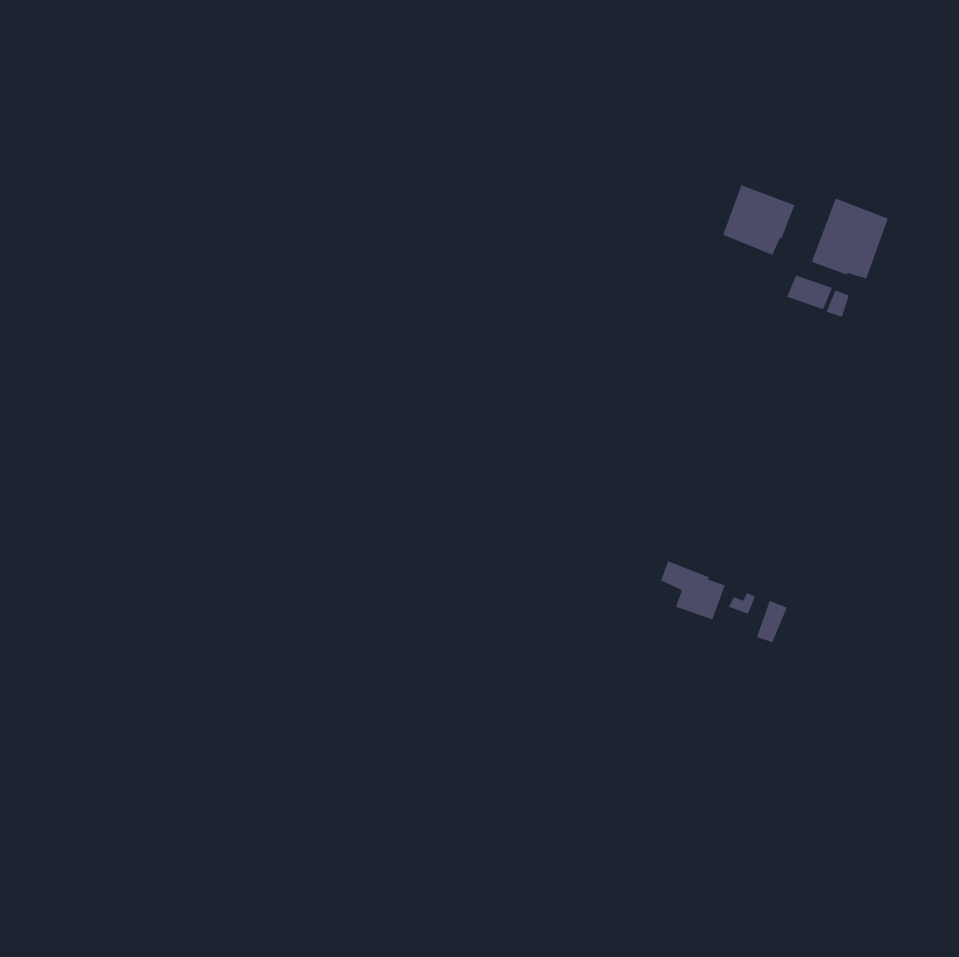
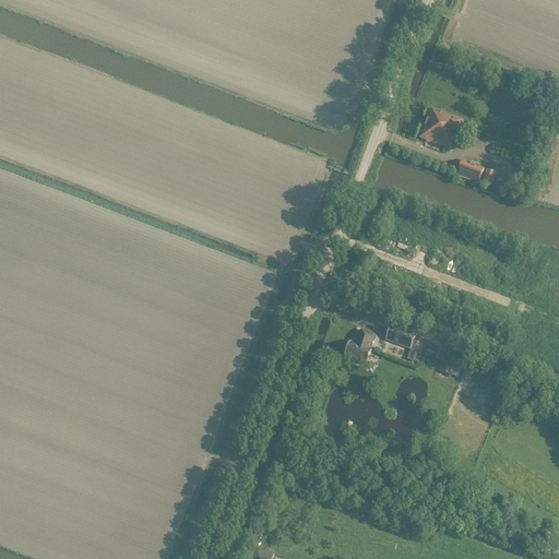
building: [811,197,889,280] -> none
building: none -> [342,329,373,362]

